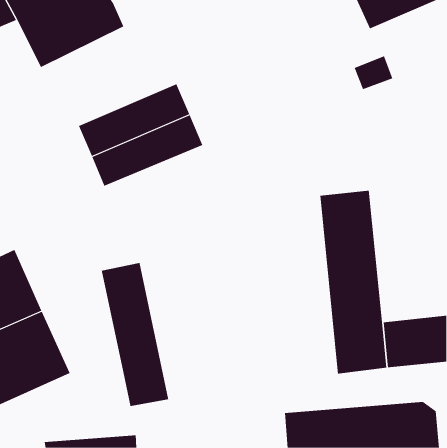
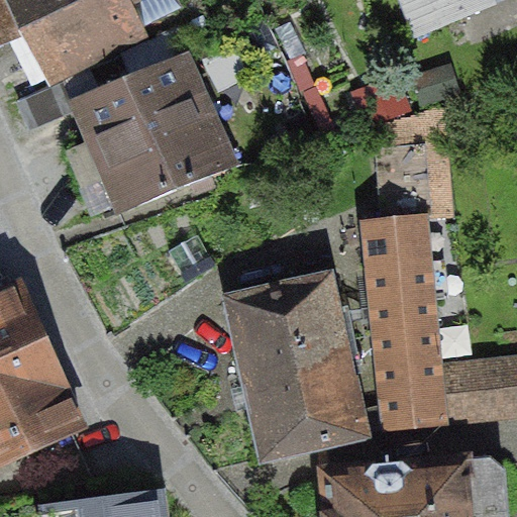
building: none -> [72,56,203,144]
building: none -> [230,276,365,458]
building: [101,262,169,407] -> none

